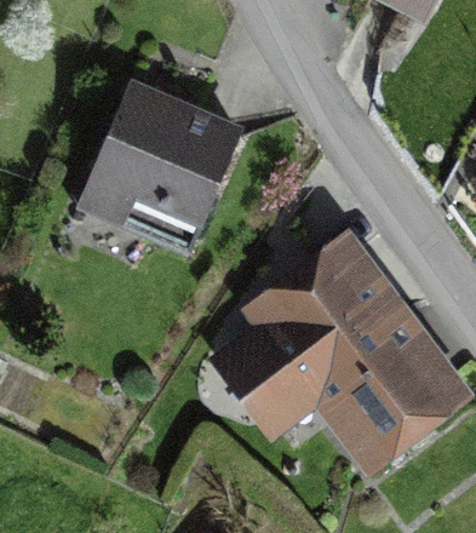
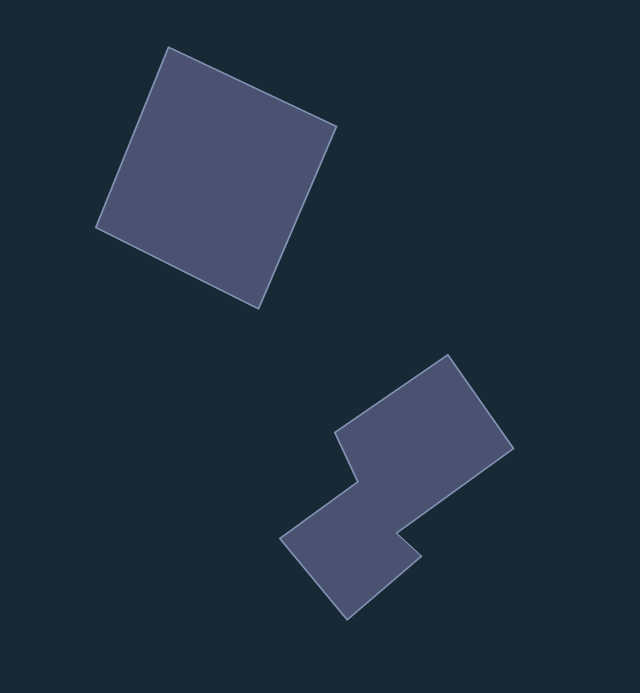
building: [299,323,446,471] -> none

